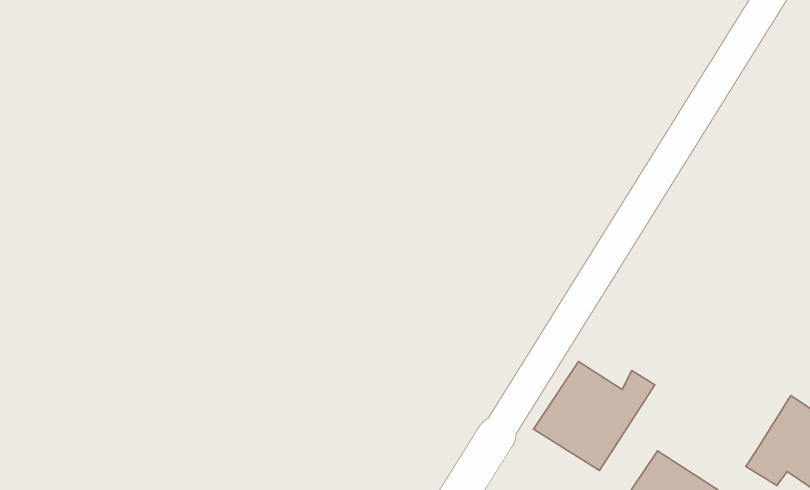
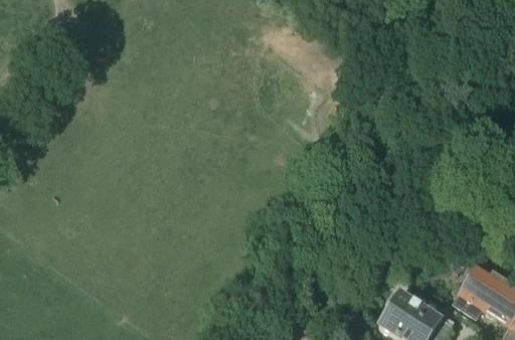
building: [533,361,655,470] -> none

